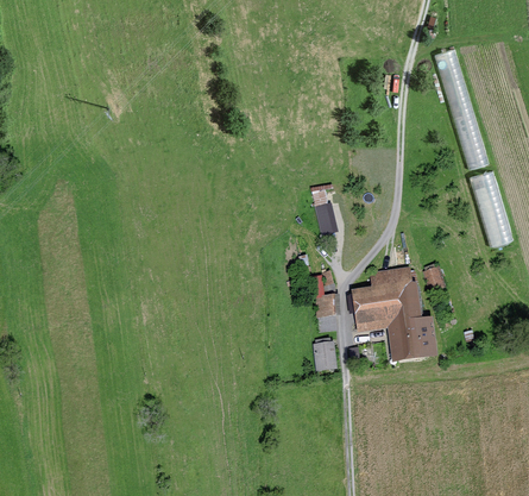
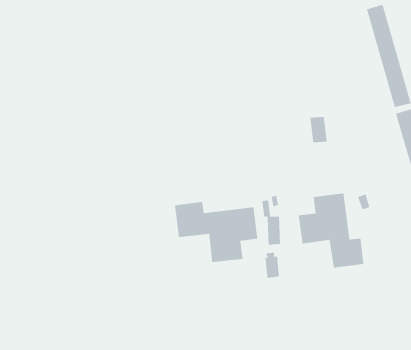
building: [316,203,338,234] -> [309,117,327,143]
building: none -> [174,201,258,263]

